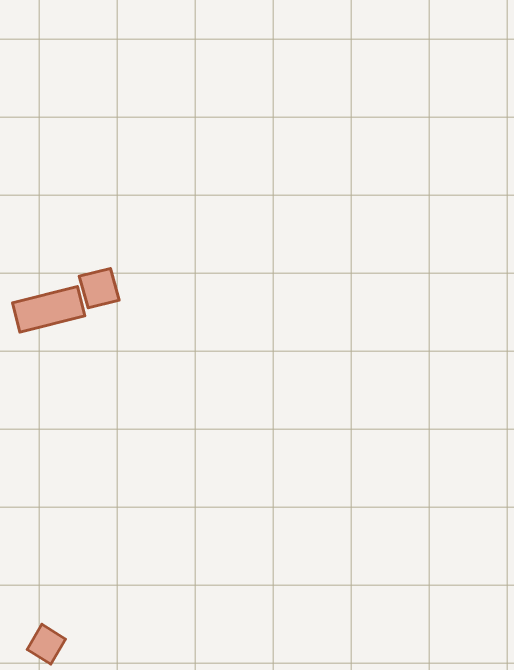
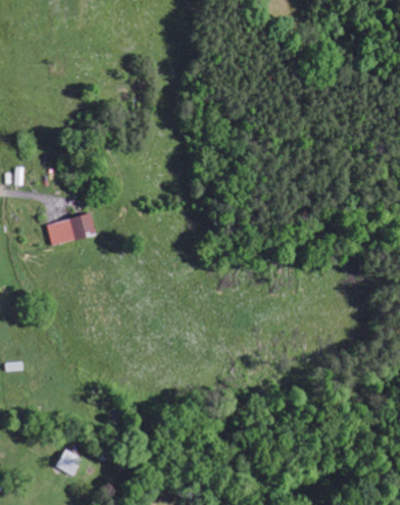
building: [79,268,119,308] -> none

